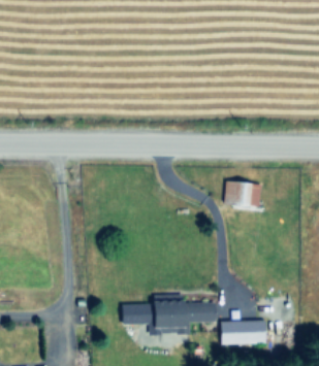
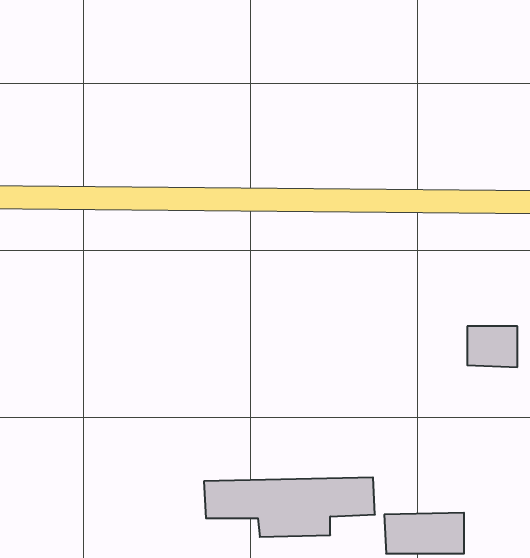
building: [226,181,254,204] -> [467,326,517,367]

